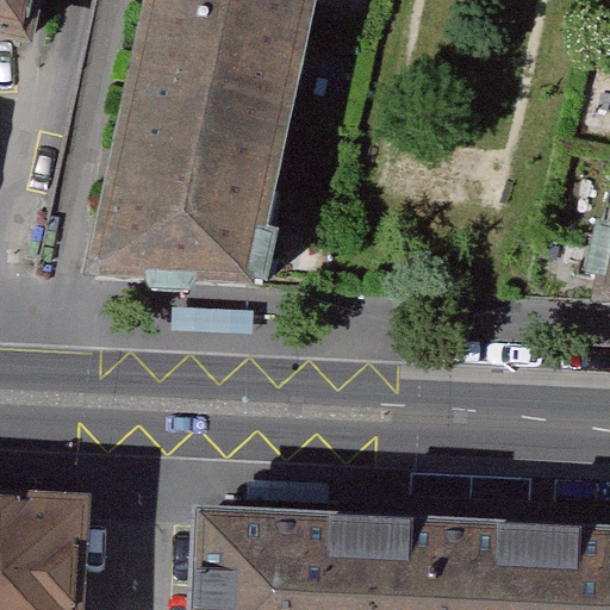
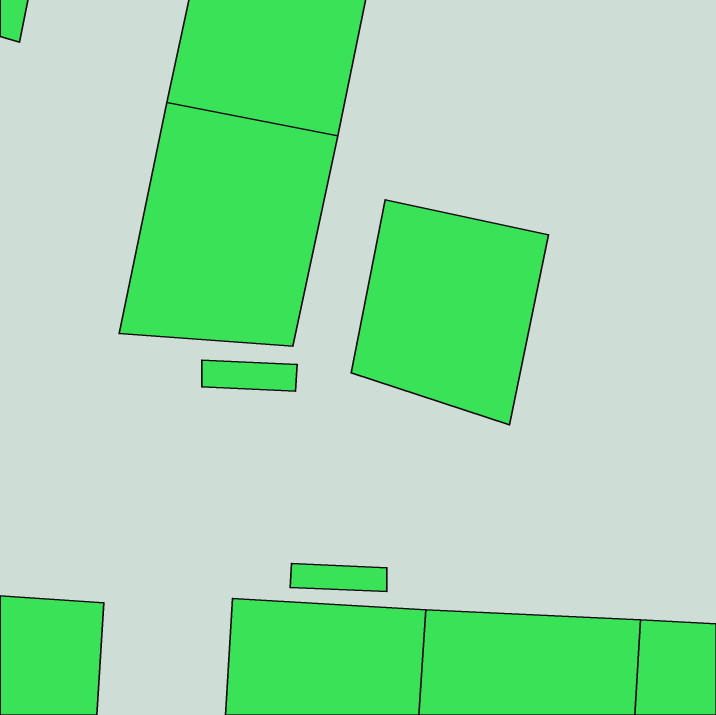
building: none -> [351,200,549,425]

